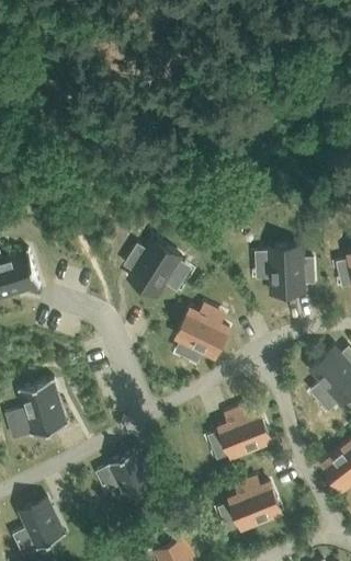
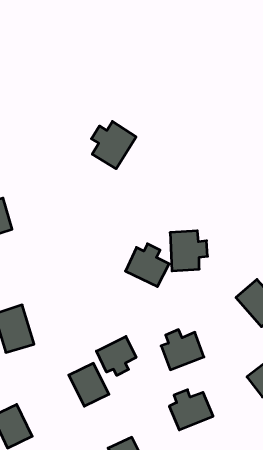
building: [127,240,181,297] -> [91,121,136,169]
building: [269,247,314,295] -> [170,231,208,271]
building: none -> [96,336,136,375]

